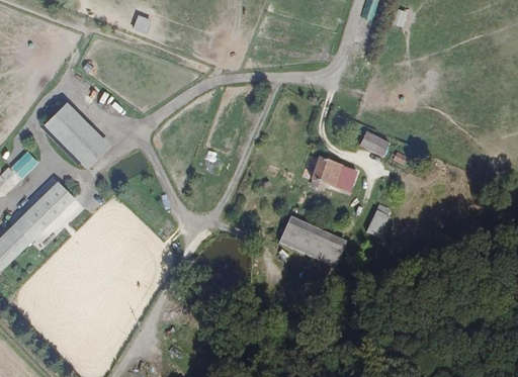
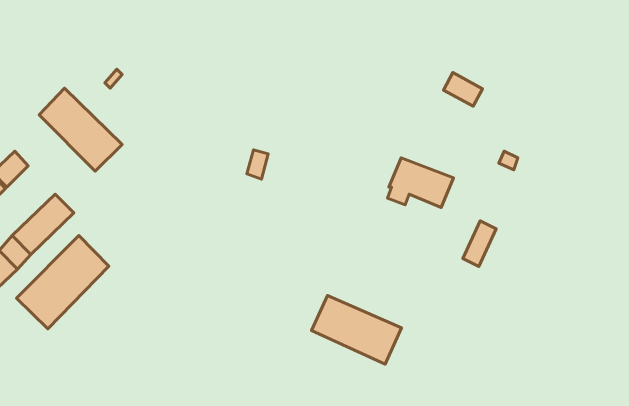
building: [359,130,388,156] -> [444,73,482,106]
building: none -> [16,235,109,329]
building: [278,215,346,267] -> [312,296,401,364]

